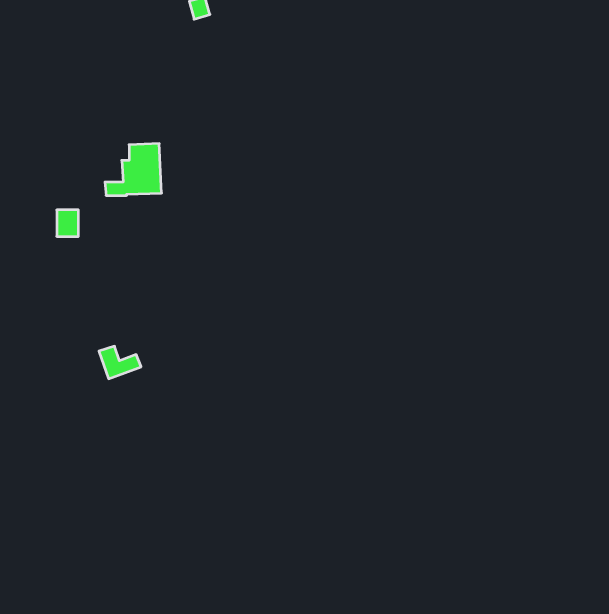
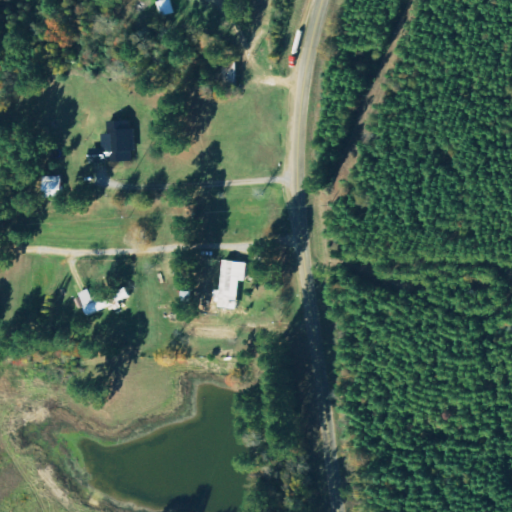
building: none -> [213,260,244,308]

